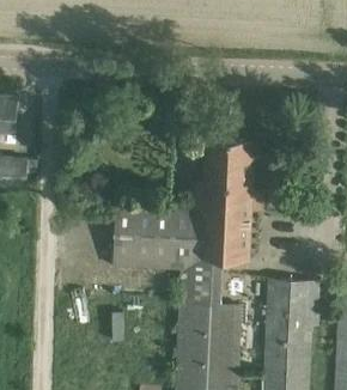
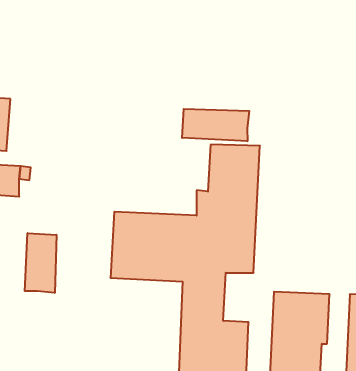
building: none -> [182,109,249,141]
building: none -> [25,233,56,293]

